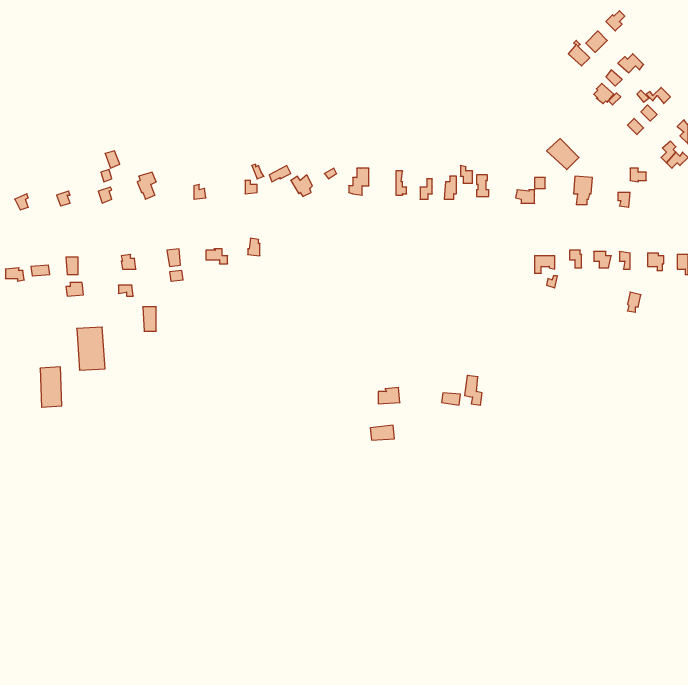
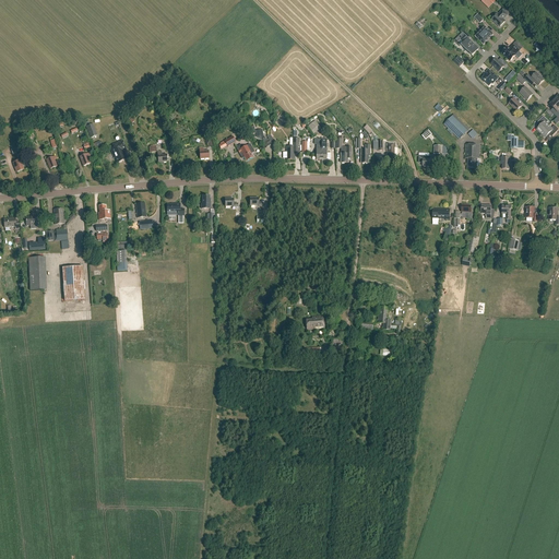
building: [40,367,62,407] -> [29,255,47,288]

